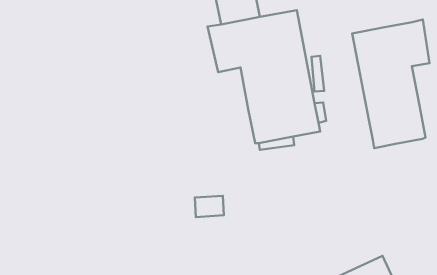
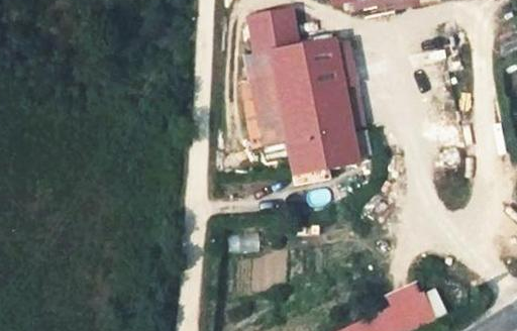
building: [352,19,430,148] -> none
building: none -> [252,95,284,143]

